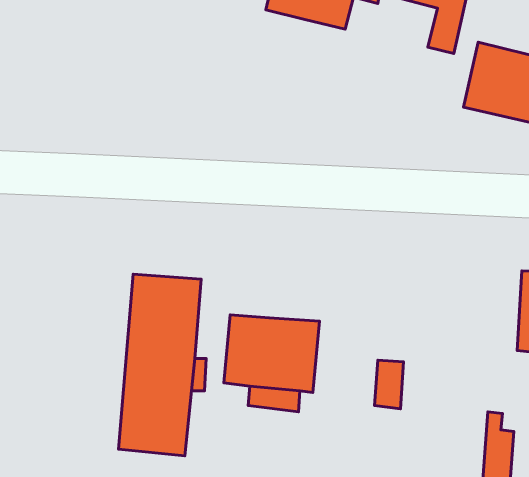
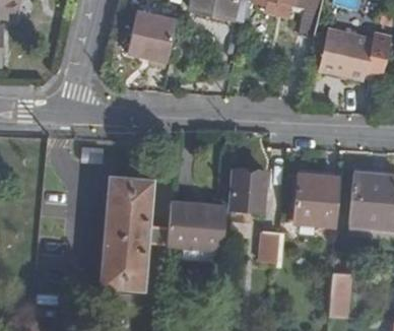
building: none -> [128,10,175,67]
building: none -> [231,167,267,208]
building: none -> [296,172,340,224]

